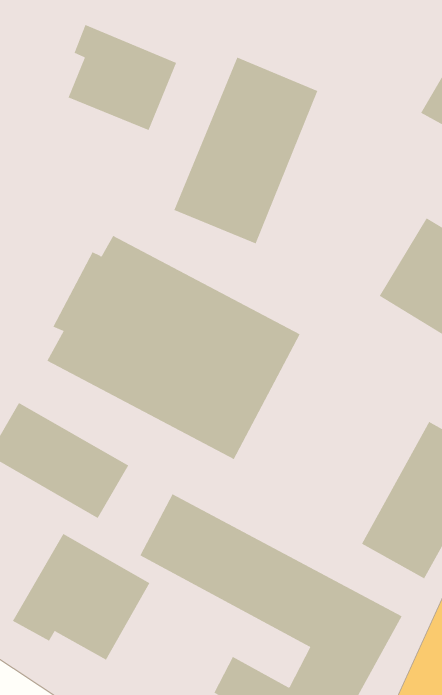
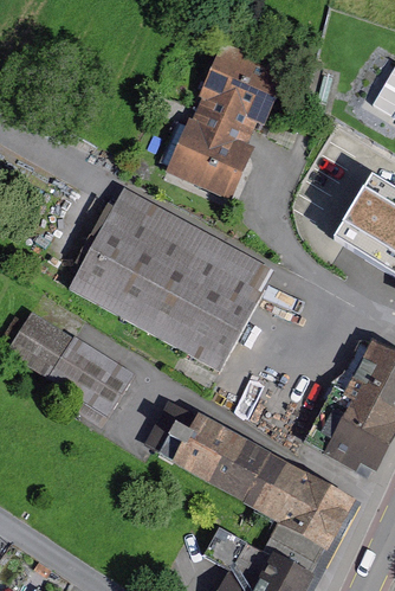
building: [68,24,177,131] -> none
building: [12,533,150,661] -> none

